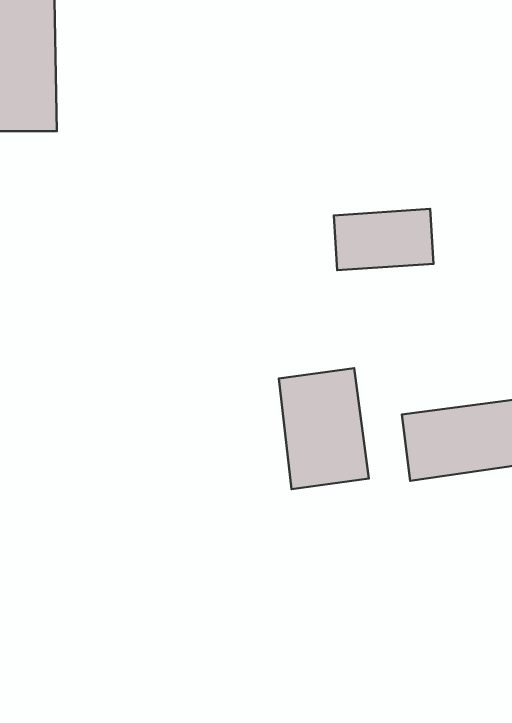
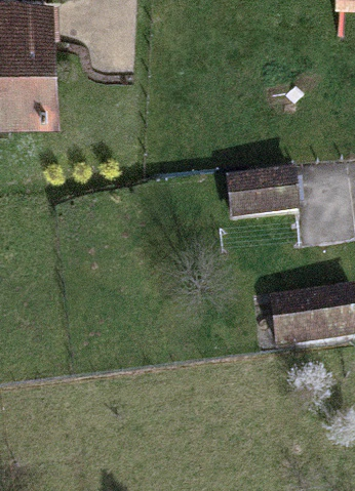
building: [279,368,369,489] -> none

